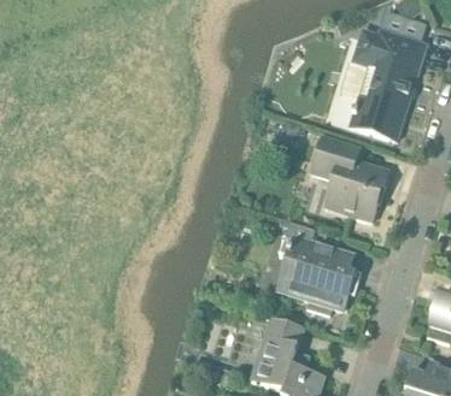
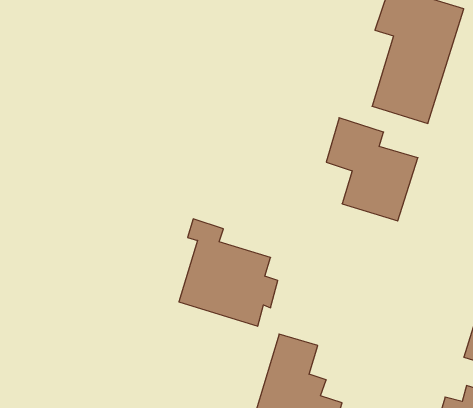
building: [277,220,361,311] -> [179,219,278,326]

